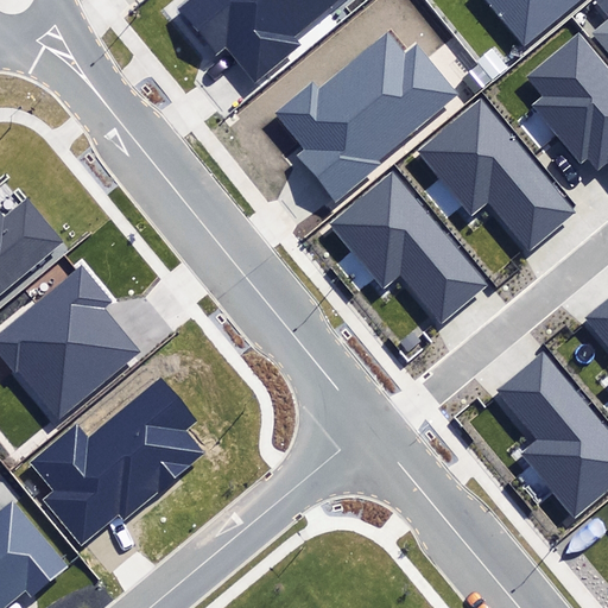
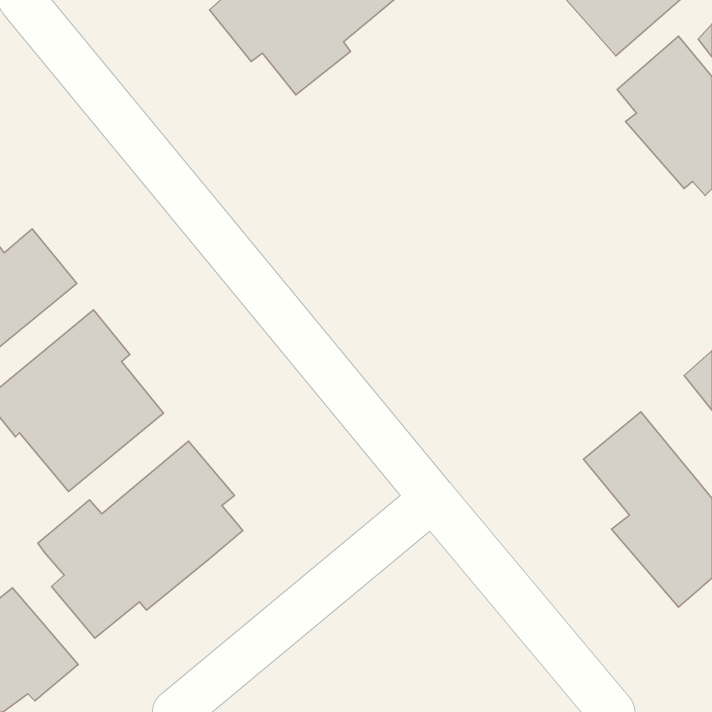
building: [276,31,463,197] -> none
building: [418,102,574,253] -> none
building: [330,171,487,322] -> none

